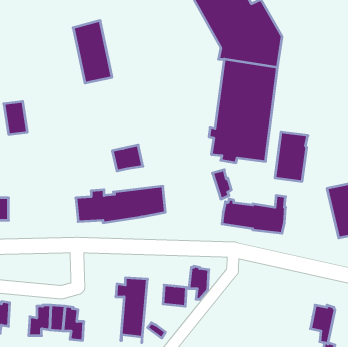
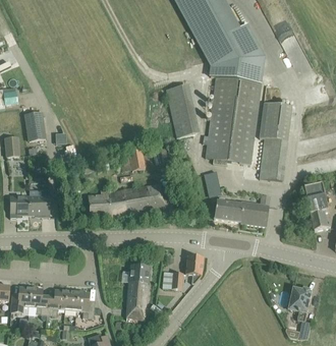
building: [73,21,112,83] -> [165,83,199,137]
building: none -> [258,102,291,141]
building: none -> [29,189,49,217]
building: none -> [29,286,47,319]

